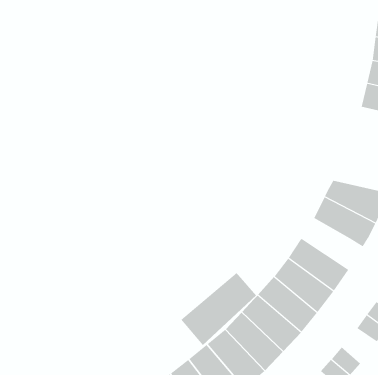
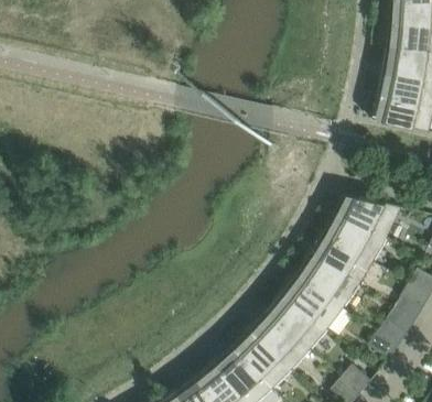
building: none -> [311,232,375,285]
building: [180,272,257,346] -> none

